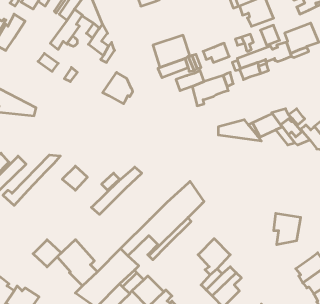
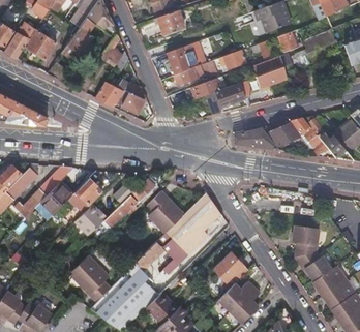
building: none -> [157,10,184,36]
building: none -> [25,28,56,58]
building: none -> [95,78,129,107]
building: none -> [39,182,70,214]
building: none -> [147,191,182,232]
building: [33,240,61,267] -> [77,203,106,231]
building: none -> [295,253,332,282]

